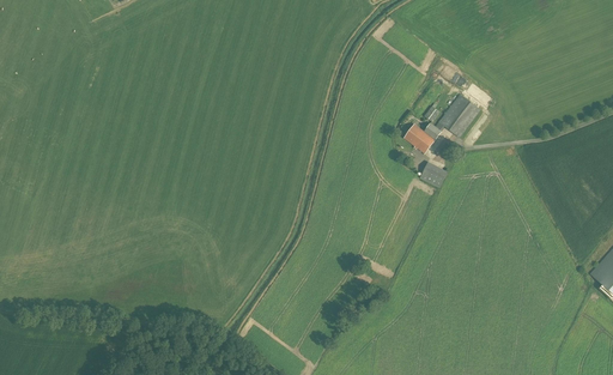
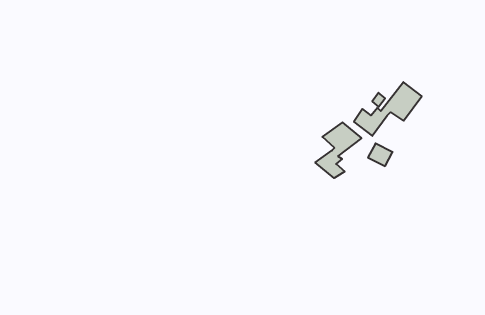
building: none -> [315,122,361,178]

